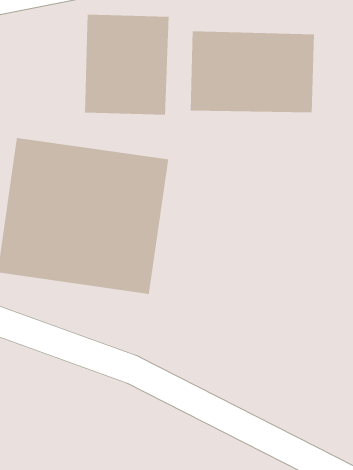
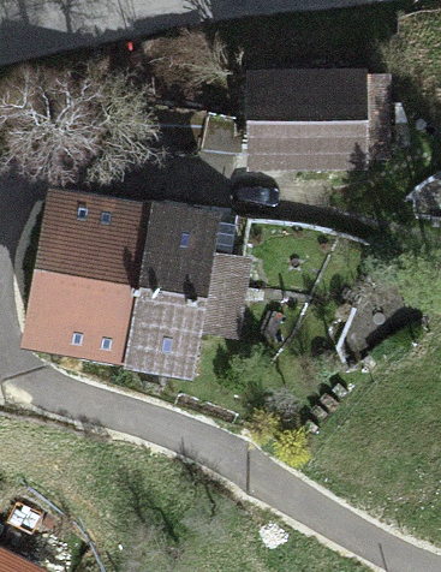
building: [84,14,169,115] -> none

